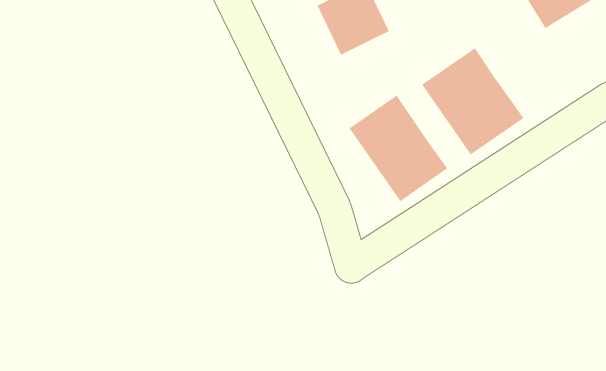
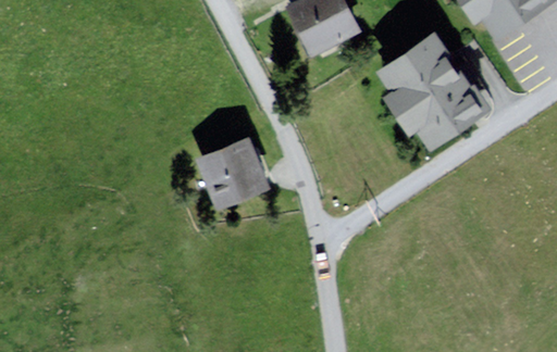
building: [349,95,448,202] -> none
building: none -> [205,150,260,203]

